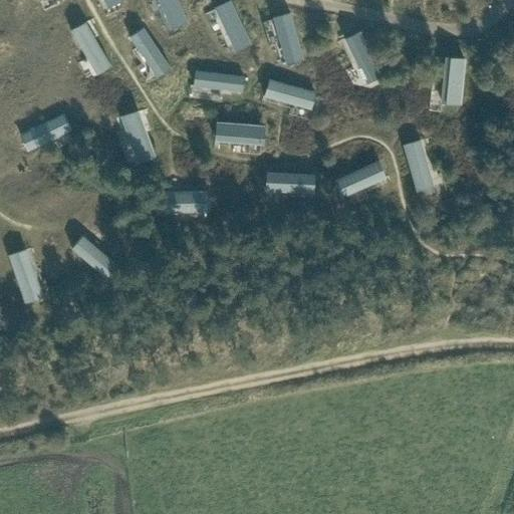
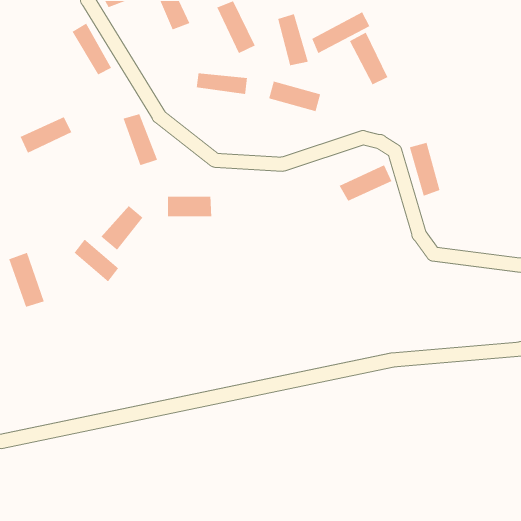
building: none -> [311,11,371,54]
building: [130,27,172,77] -> none
building: [441,57,465,105] -> none
building: [215,122,265,146] -> none
building: [266,174,314,195] -> none
building: none -> [101,205,143,251]

